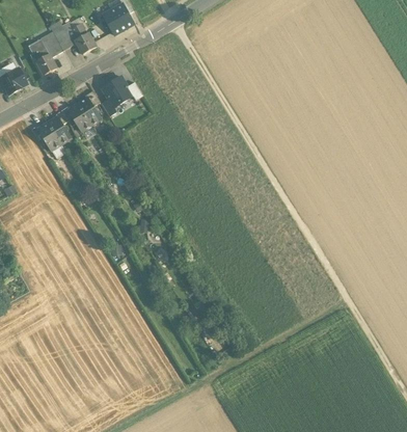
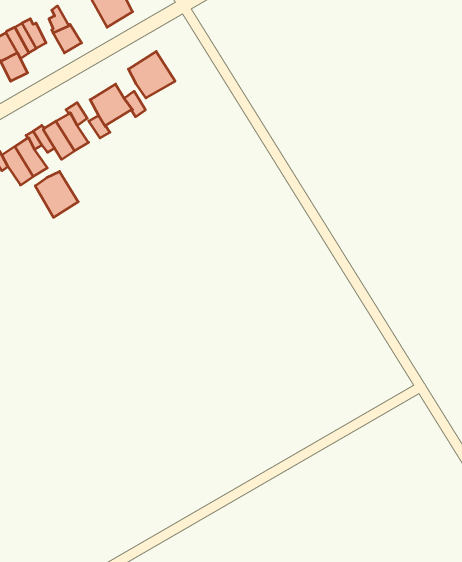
building: none -> [128,51,175,98]
building: none -> [35,171,78,217]

